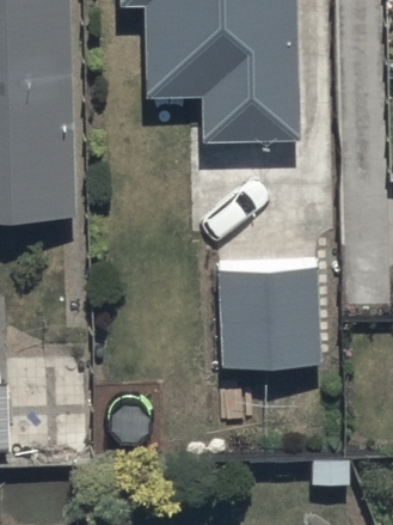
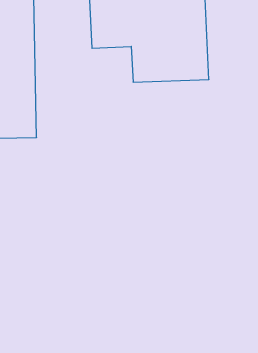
building: [217,269,321,367] -> none

